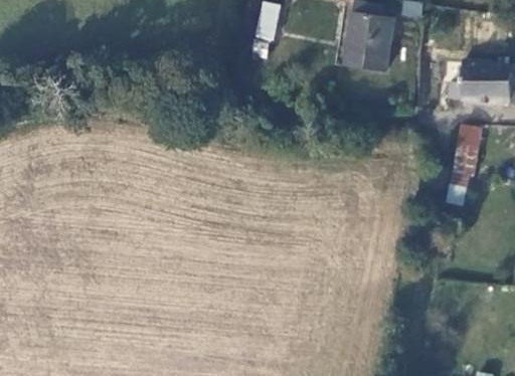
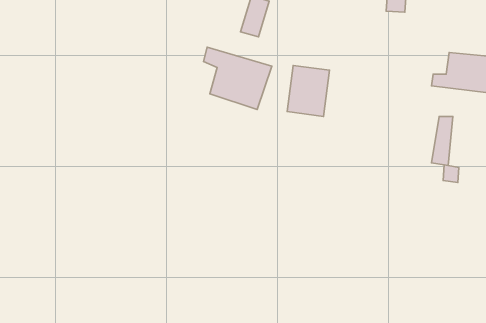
building: [349,11,392,63] -> [287,65,329,117]
building: none -> [204,47,272,109]

